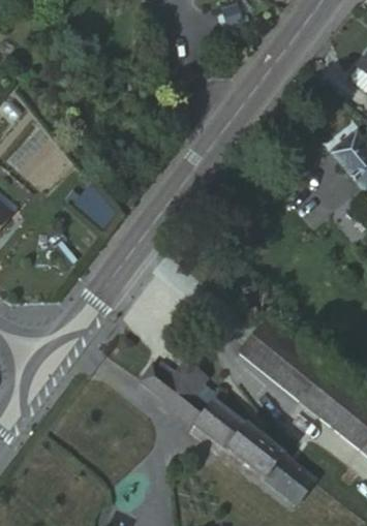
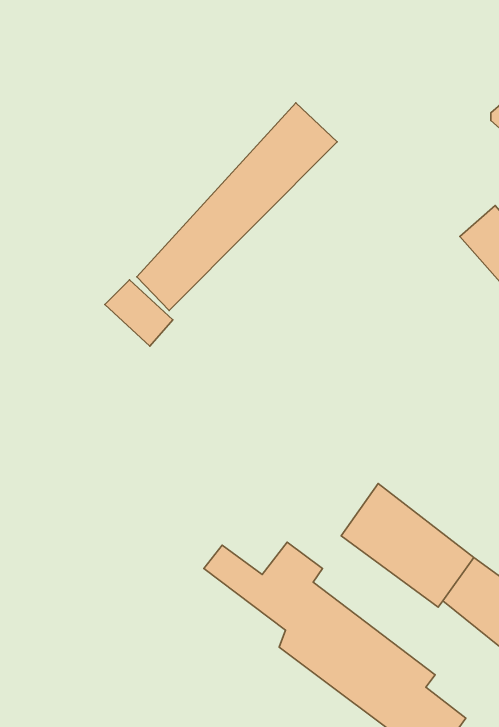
building: none -> [137,103,337,310]

